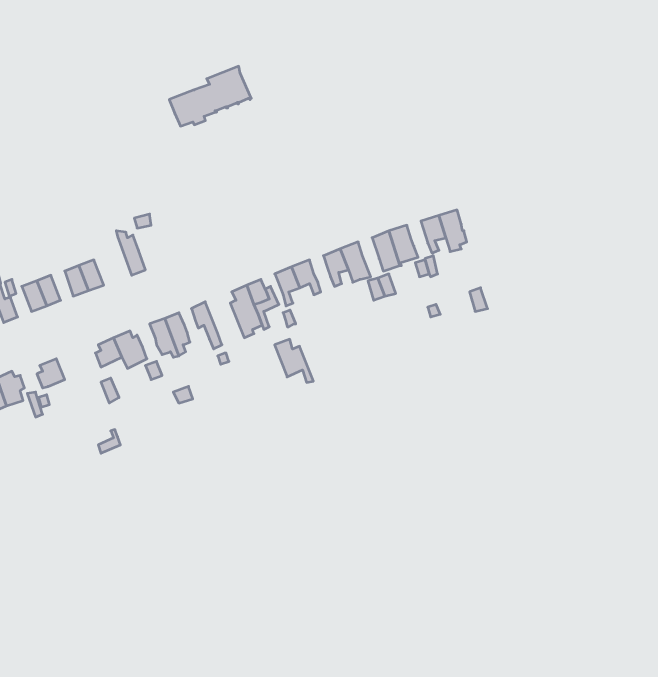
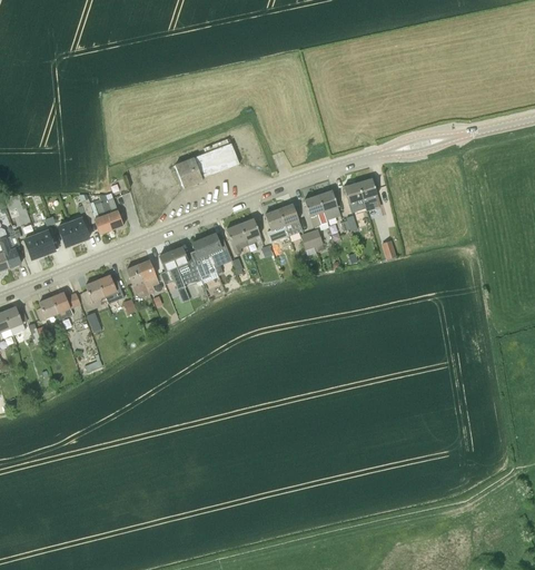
building: [169,66,251,126] -> [174,138,239,186]
building: none -> [81,198,111,235]
building: [275,339,313,382] -> [170,247,201,282]
building: none -> [51,293,80,320]

